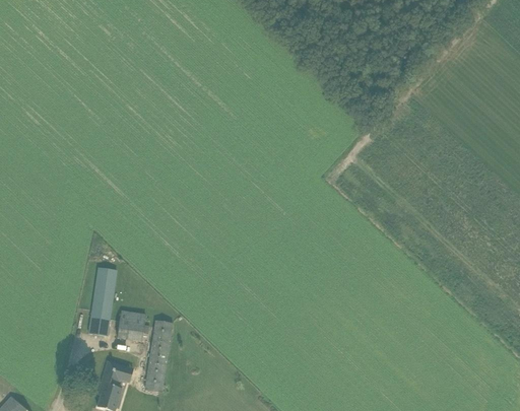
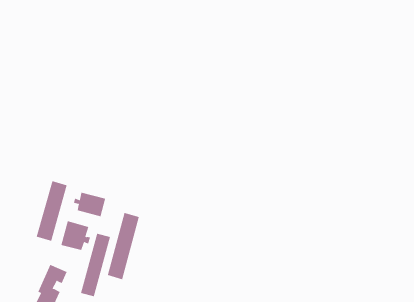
building: none -> [73,192,106,217]
building: none -> [107,212,140,280]

